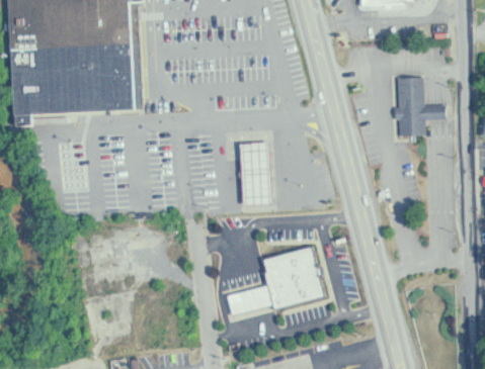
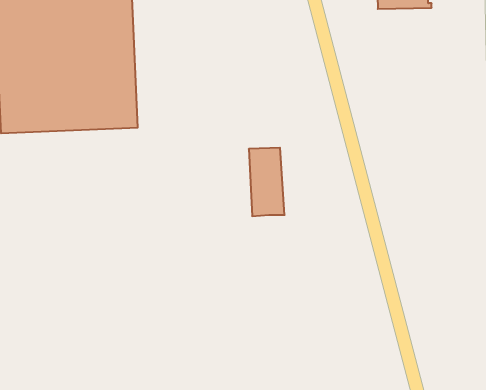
building: [394,80,441,139] -> none
building: [225,241,325,309] -> none

